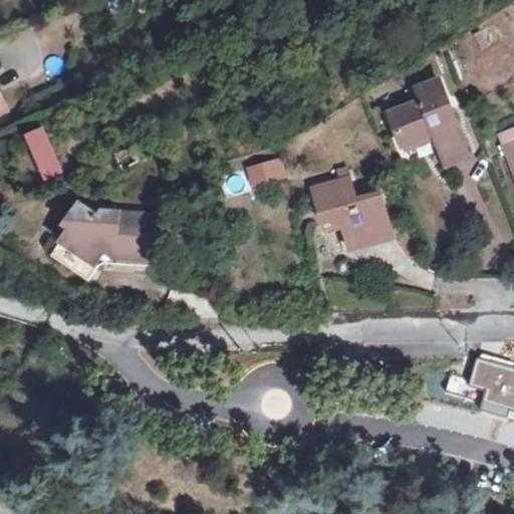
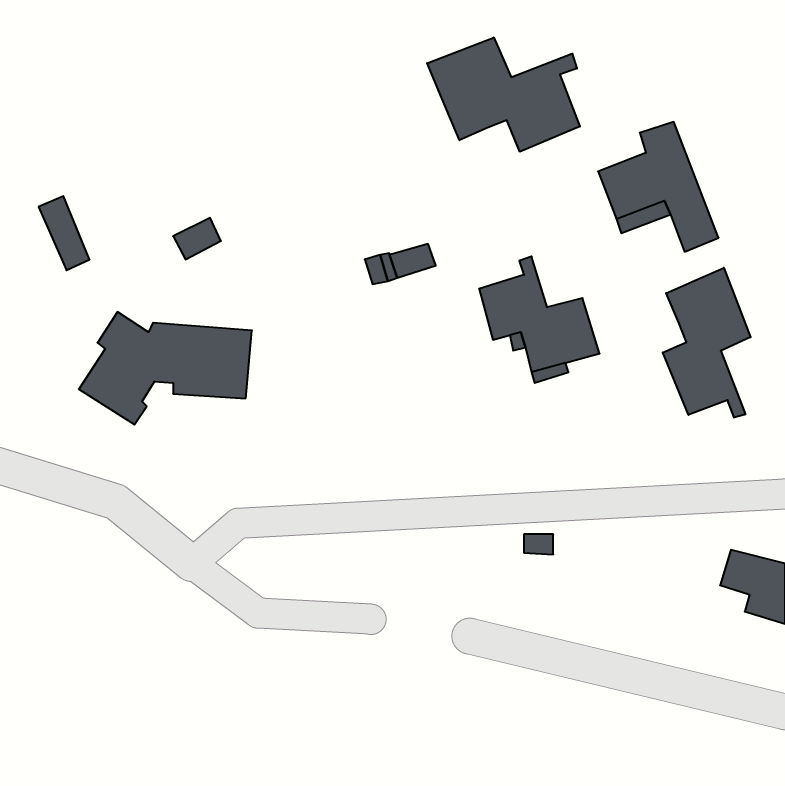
building: none -> [427,37,580,152]
building: none -> [663,268,751,418]

